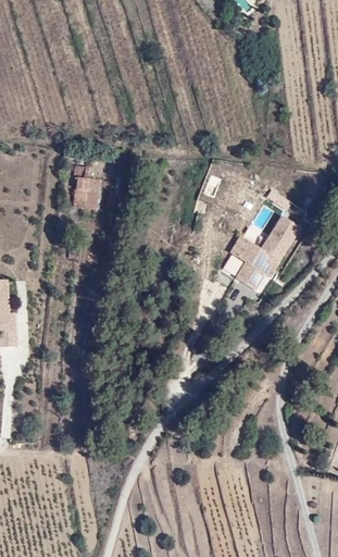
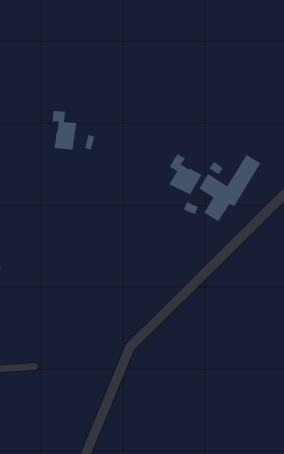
building: none -> [169,153,202,195]

